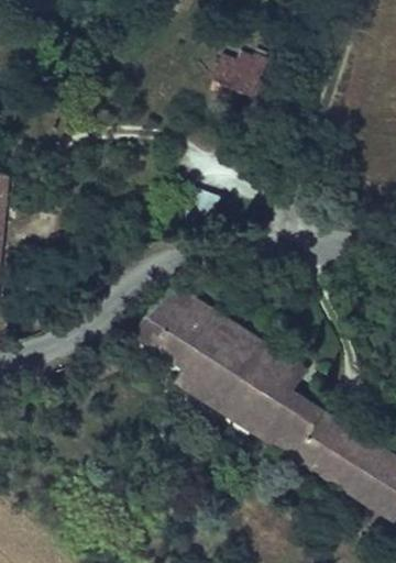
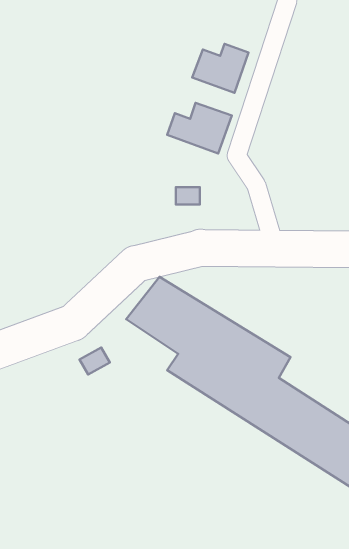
building: none -> [167,103,232,153]

